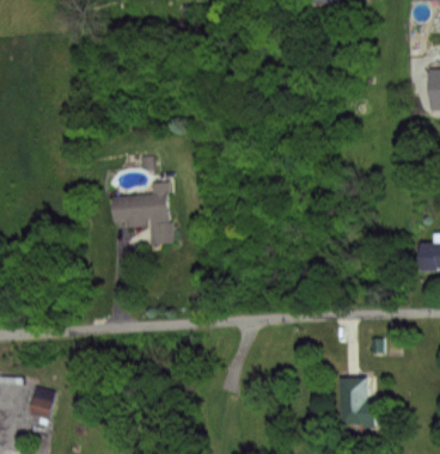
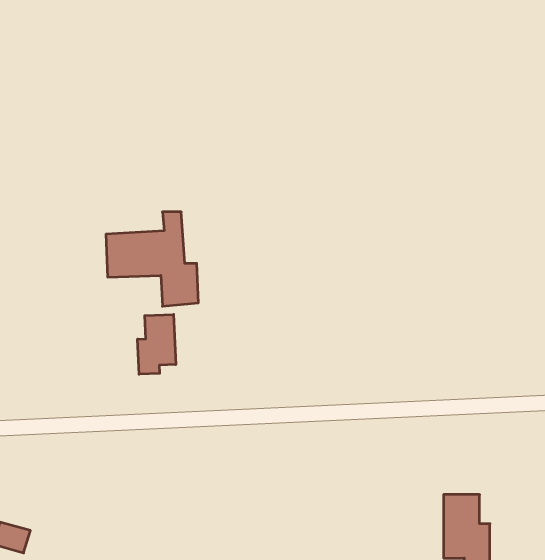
building: none -> [138,314,176,374]

